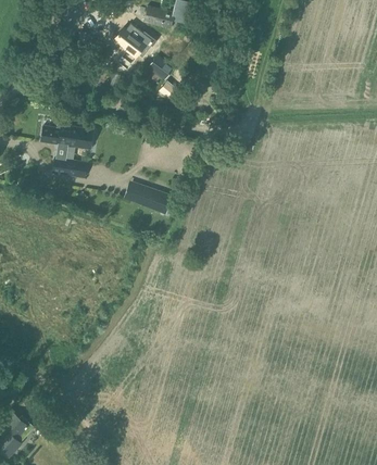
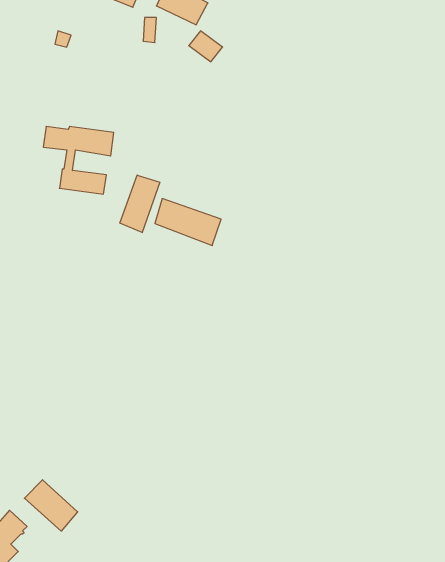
building: none -> [120,175,160,233]
building: none -> [24,480,78,531]

